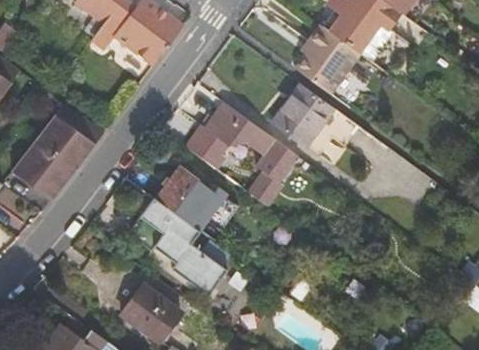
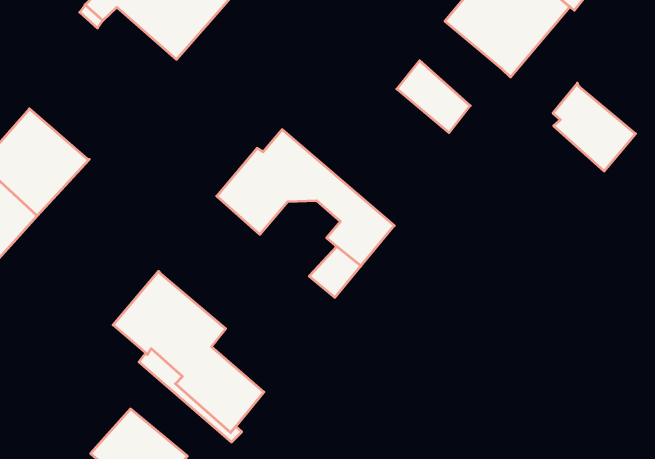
building: [306,23,359,77] -> [553,83,636,171]
building: [272,82,333,145] -> none
building: [155,165,243,230] -> none

